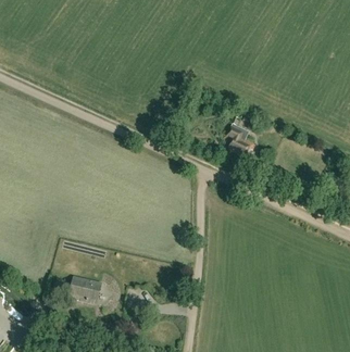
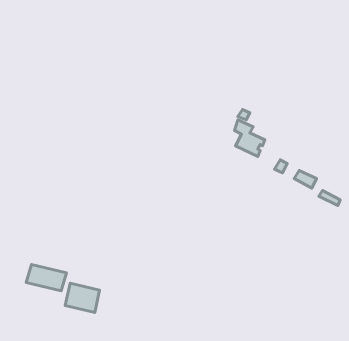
building: none -> [26,264,66,291]

